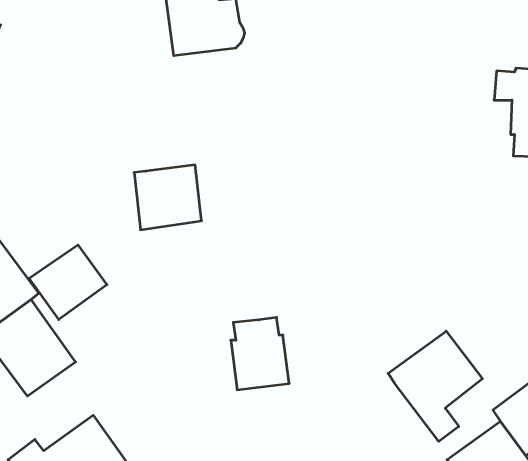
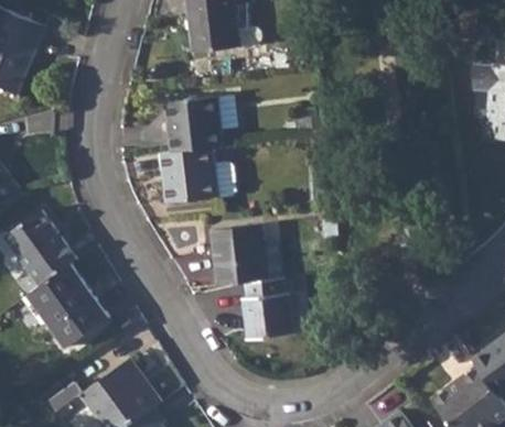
building: none -> [163,96,236,152]
building: [29,245,107,320] -> none
building: none -> [209,225,267,286]
building: [388,331,482,441] -> none

